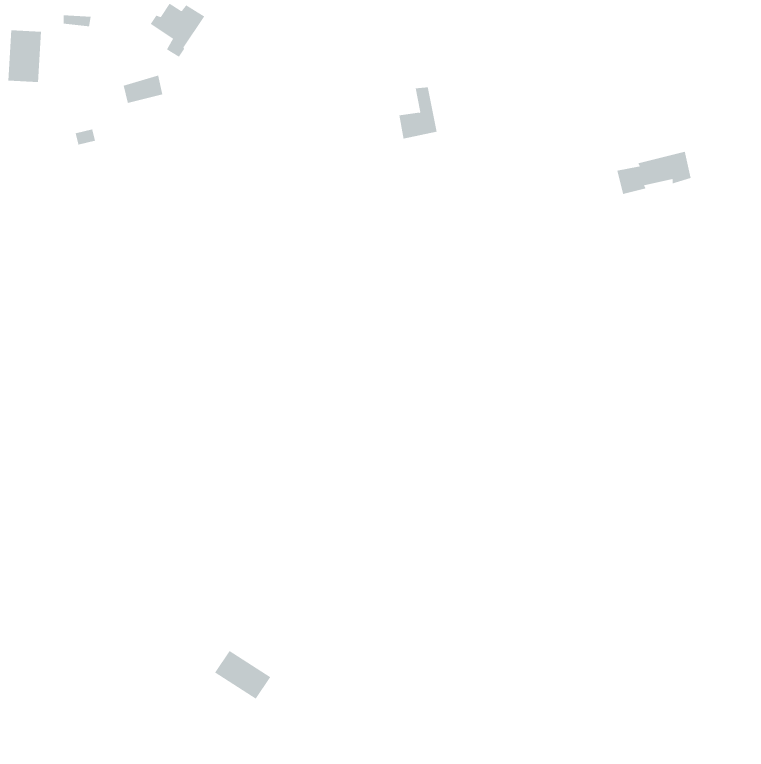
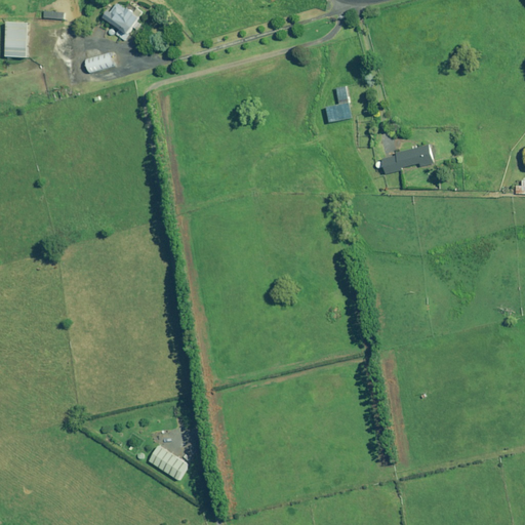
building: [398,87,437,139] -> [324,86,351,122]
building: [617,151,691,195] -> [380,144,432,173]

